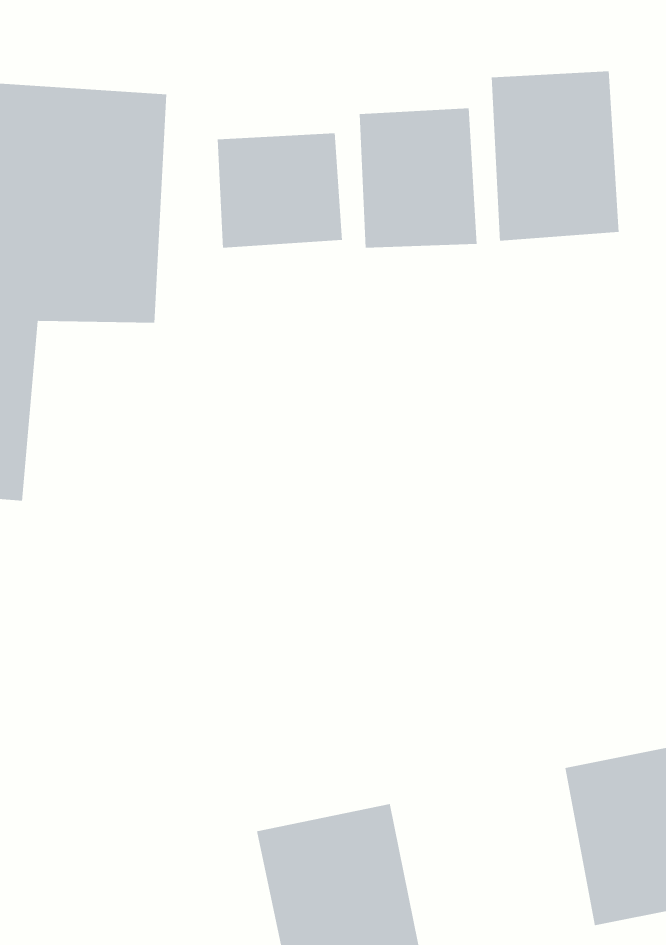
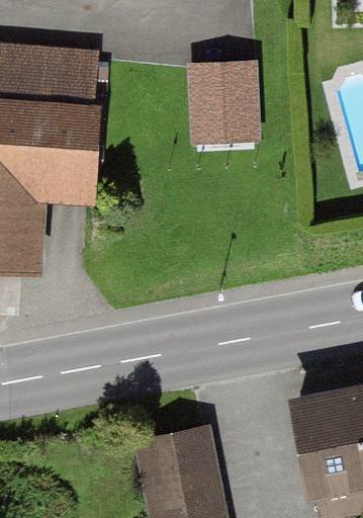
building: [491,71,619,242] -> none
building: [217,133,342,249] -> none

